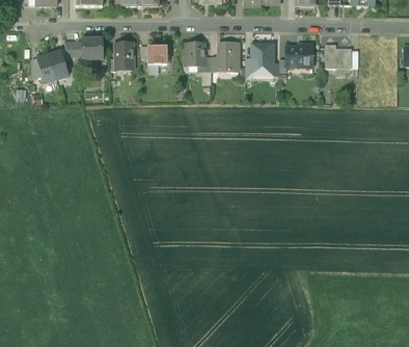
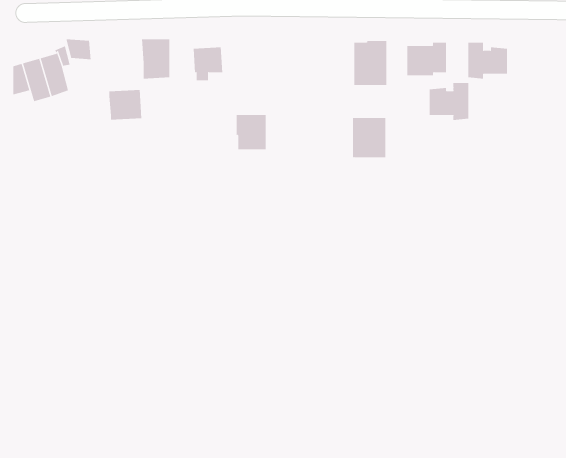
building: [81,39,103,59] -> [108,90,142,120]
building: [185,44,204,66] -> [236,115,266,150]
building: [217,44,239,70] -> [352,117,386,158]
building: none -> [429,82,469,121]

